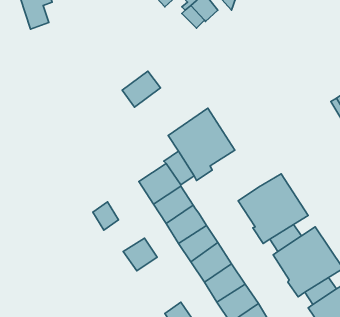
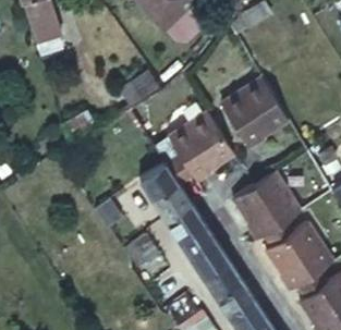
building: none -> [221,73,285,142]

